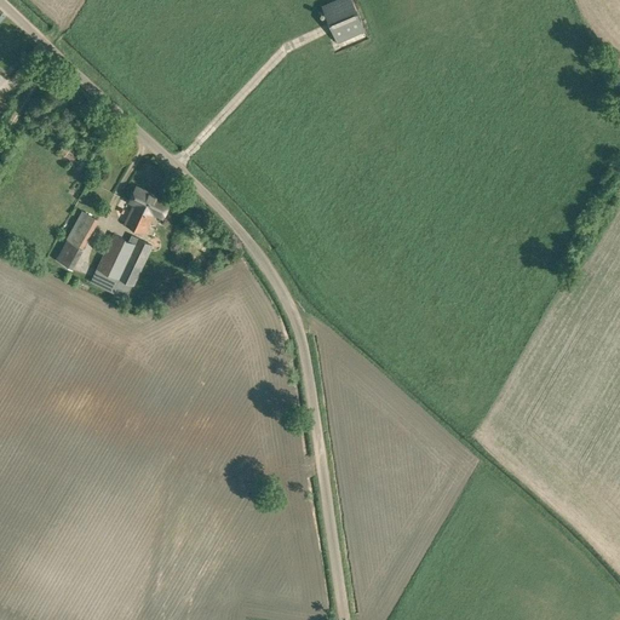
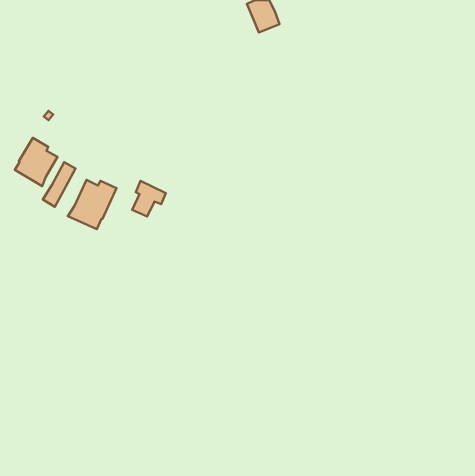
building: none -> [15,138,57,186]
building: [124,186,167,232] -> [132,181,166,216]

